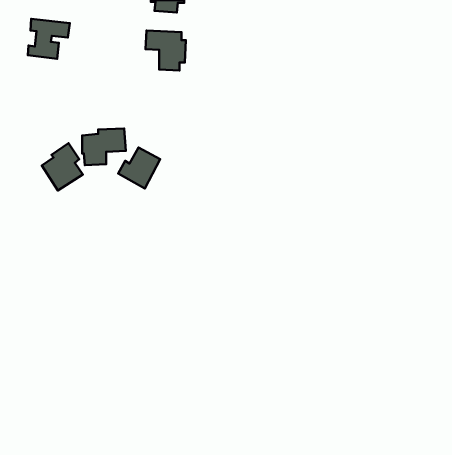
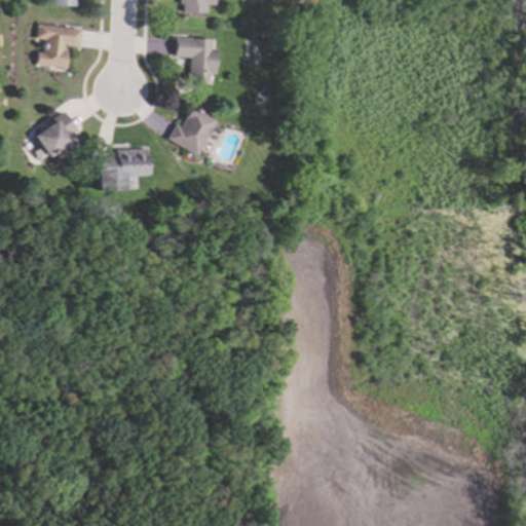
building: [42,143,83,190] -> [35,110,82,164]
building: [118,147,160,189] -> [167,107,216,154]

